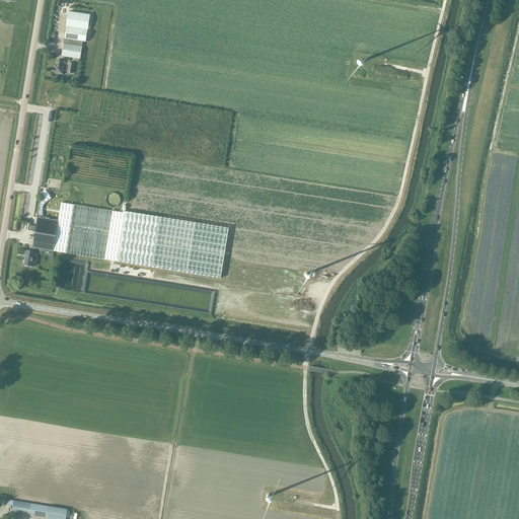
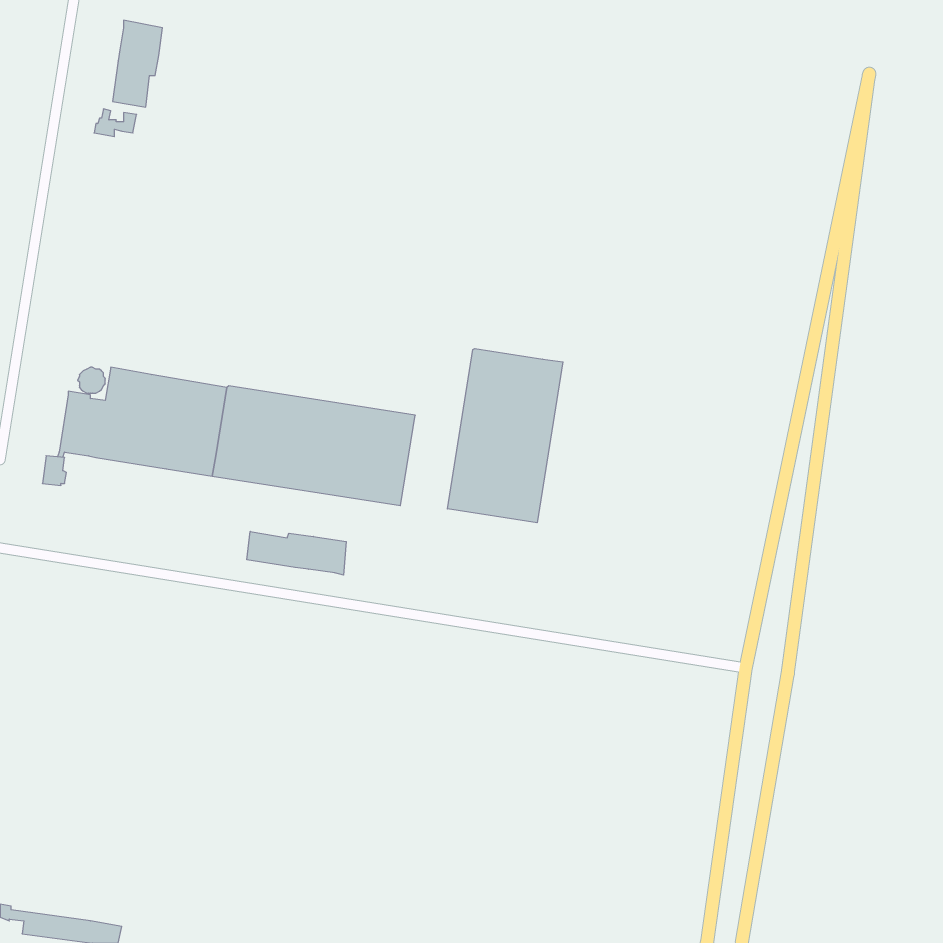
building: none -> [447,349,563,523]
building: none -> [247,531,346,575]

